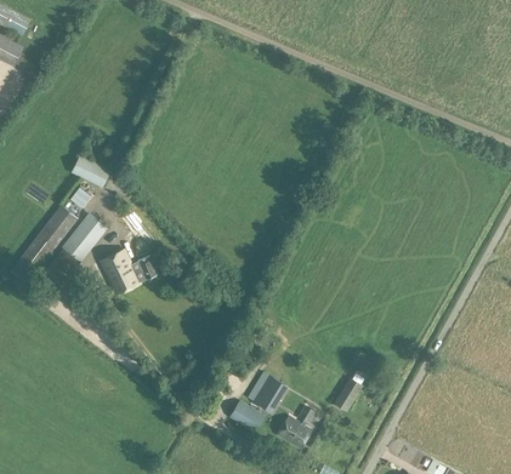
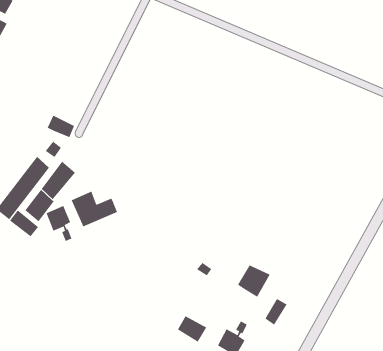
building: none -> [46,205,72,242]
building: none -> [9,210,39,237]
building: [246,372,286,412] -> [237,264,270,297]

